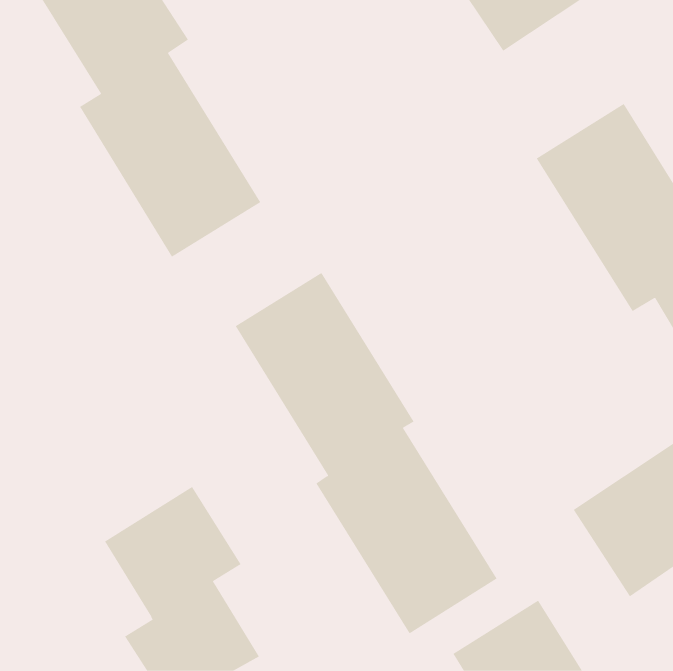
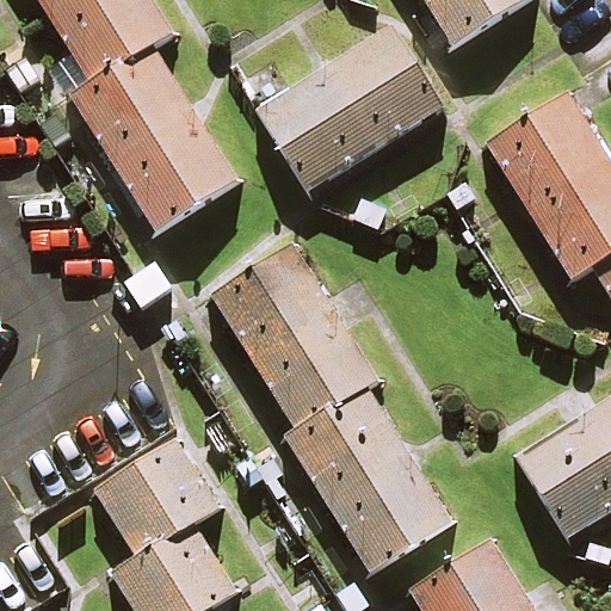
building: none -> [240,31,439,193]

